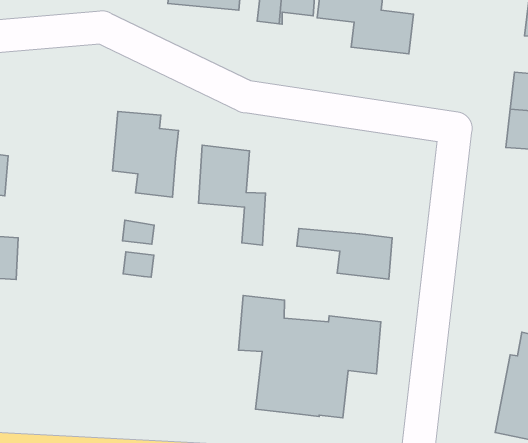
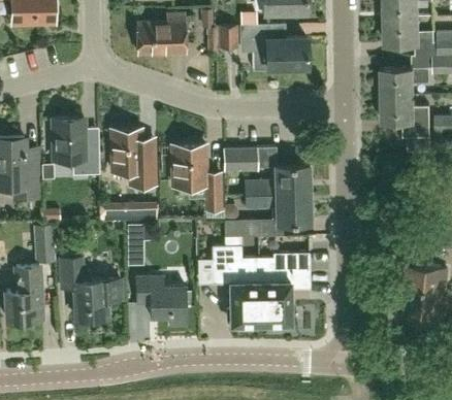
building: none -> [54,118,100,174]
building: none -> [224,148,311,196]
building: none -> [225,221,259,237]
building: none -> [59,258,122,319]
building: none -> [136,278,188,325]

